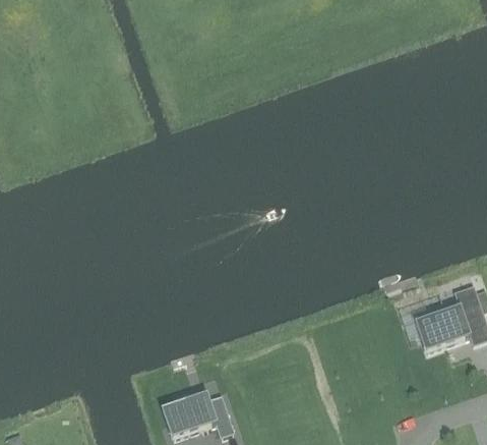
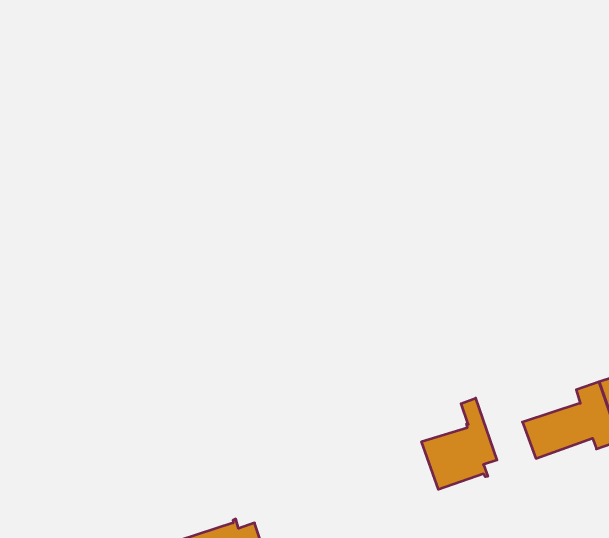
building: none -> [422,398,497,489]

